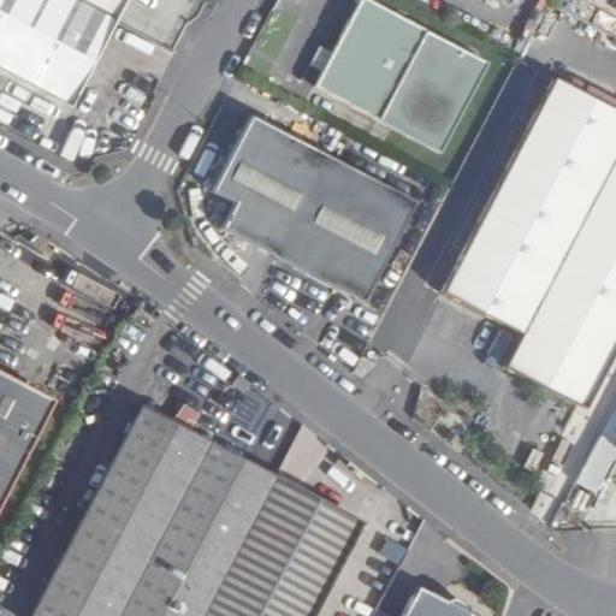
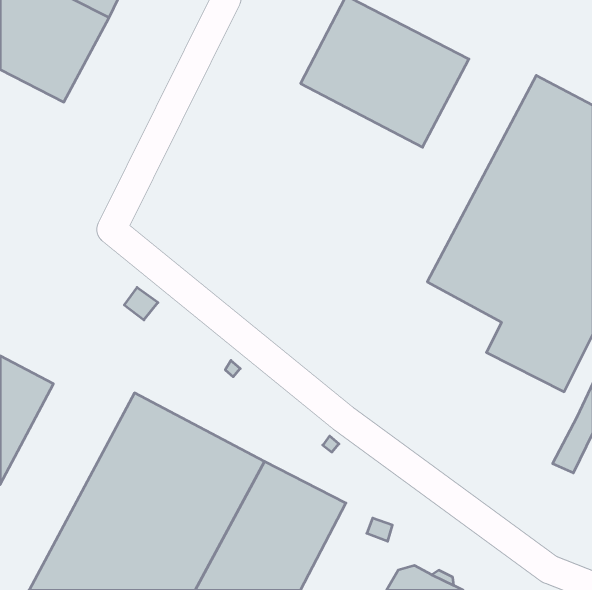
building: [209,112,414,303] -> none

